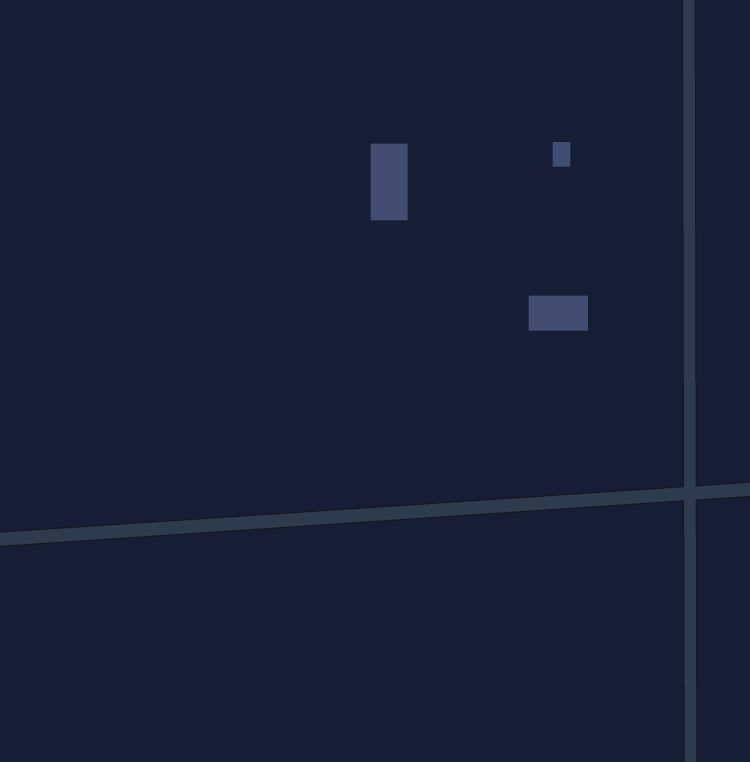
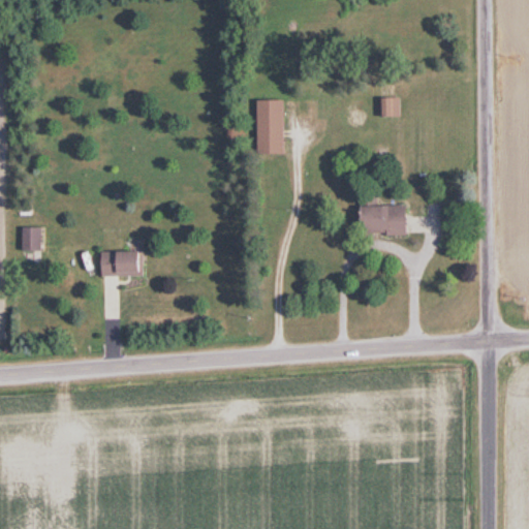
building: none -> [21,226,38,251]
building: none -> [99,251,143,276]

